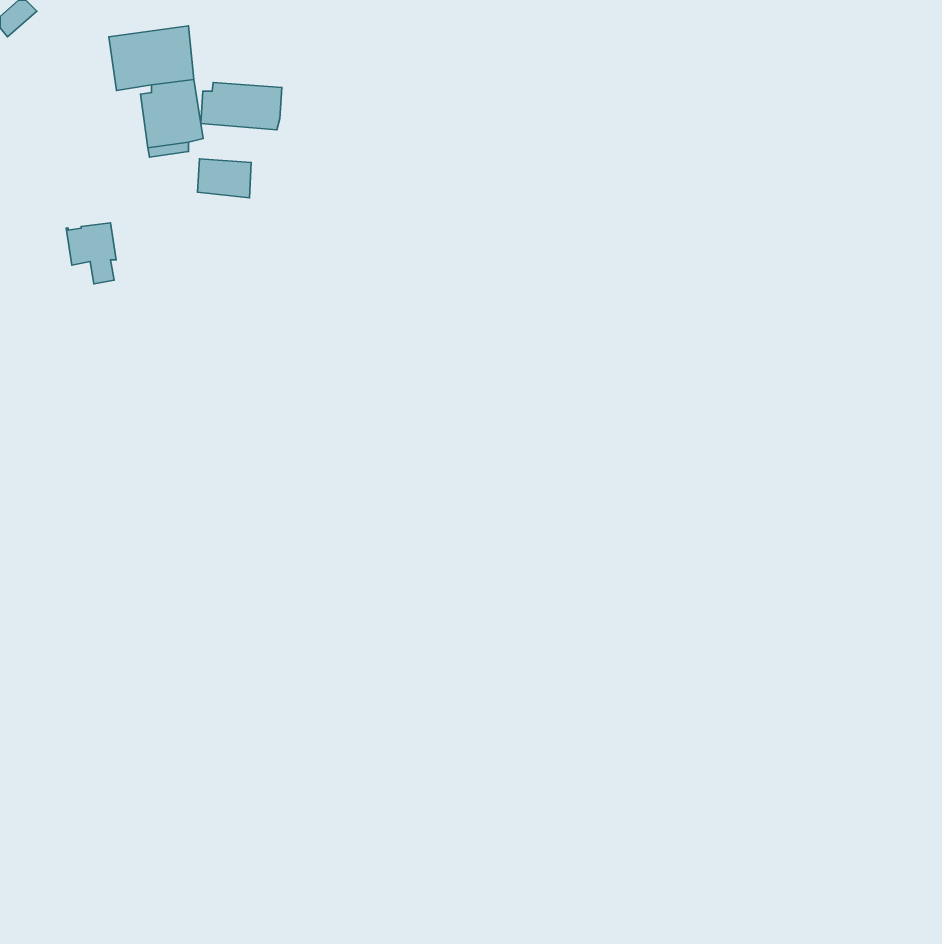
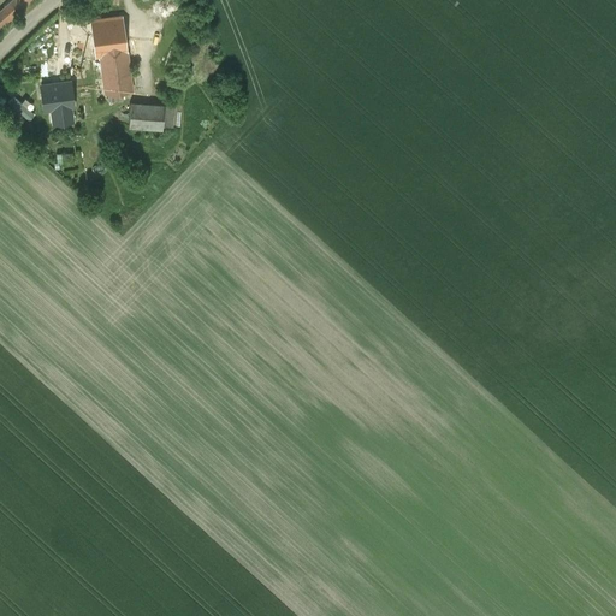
building: [201,83,282,130] -> none
building: [66,223,116,284] -> [42,82,75,122]

